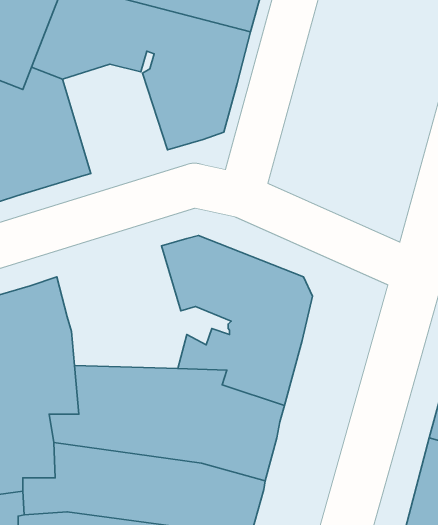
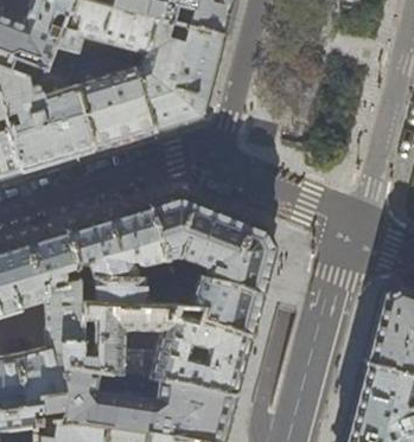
building: none -> [72,63,157,150]
building: none -> [68,209,172,307]

